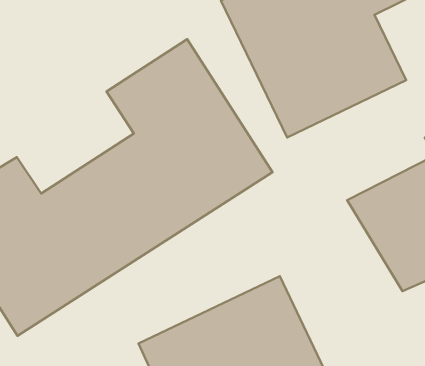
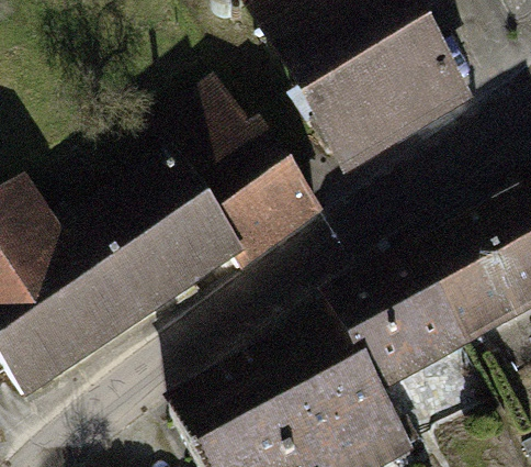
building: none -> [331,262,494,434]

